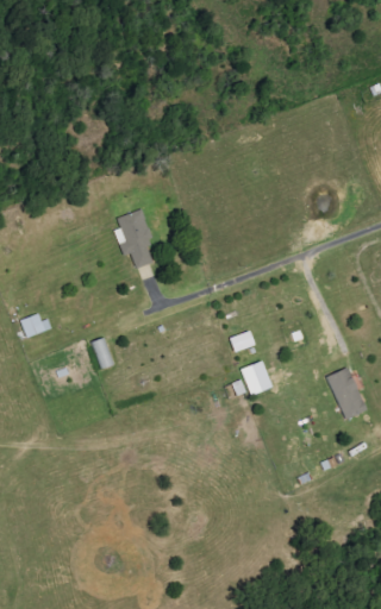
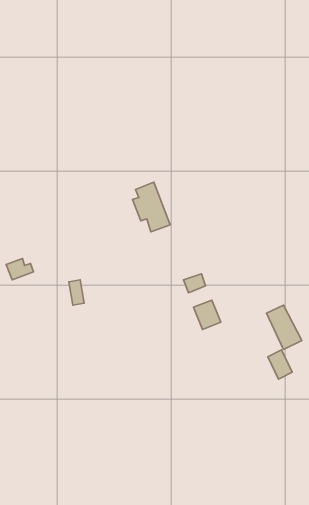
building: [114,211,158,269] -> [133,182,170,232]
building: none -> [268,350,292,379]

